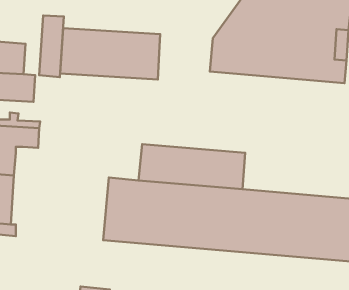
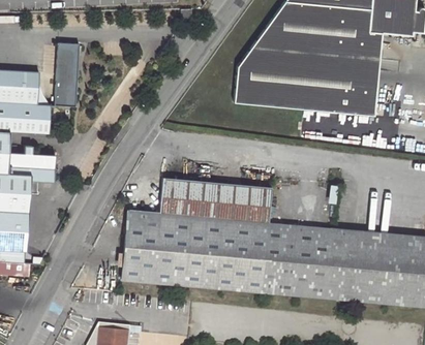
building: [60,28,160,80] -> none

